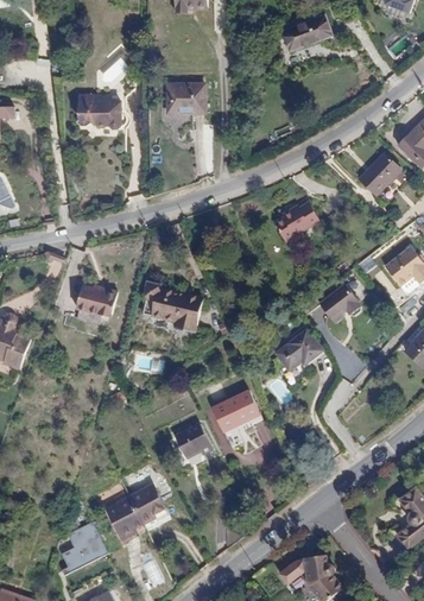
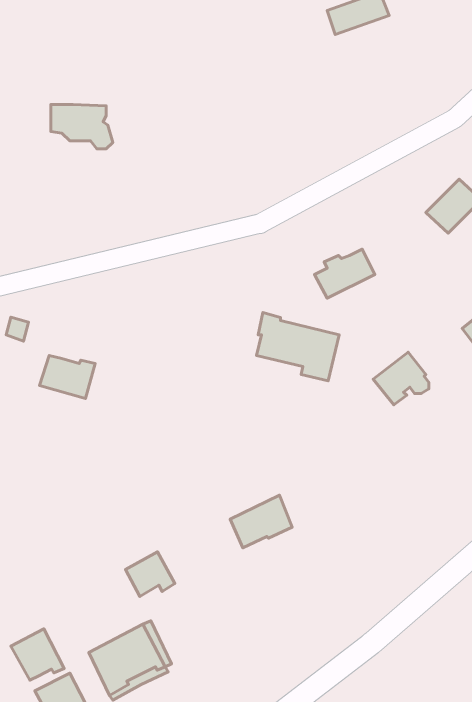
building: [167,81,204,109] -> none
building: [141,280,203,331] -> [257,313,339,381]
building: [276,329,322,373] -> none
building: [175,423,211,456] -> [126,552,175,596]
building: none -> [11,629,64,680]

